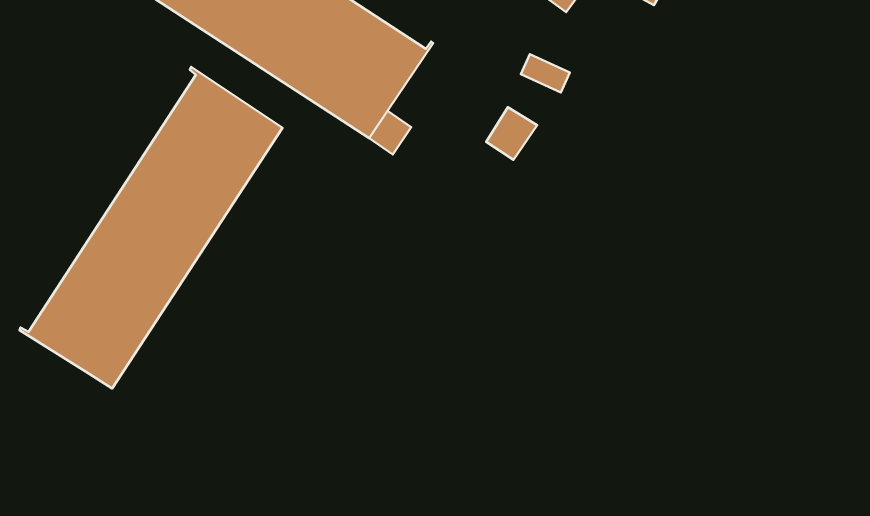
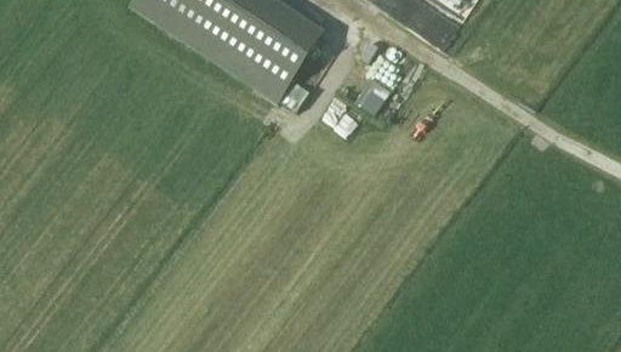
building: [19,67,283,388] -> none

